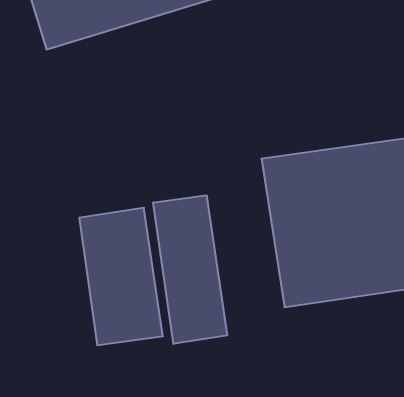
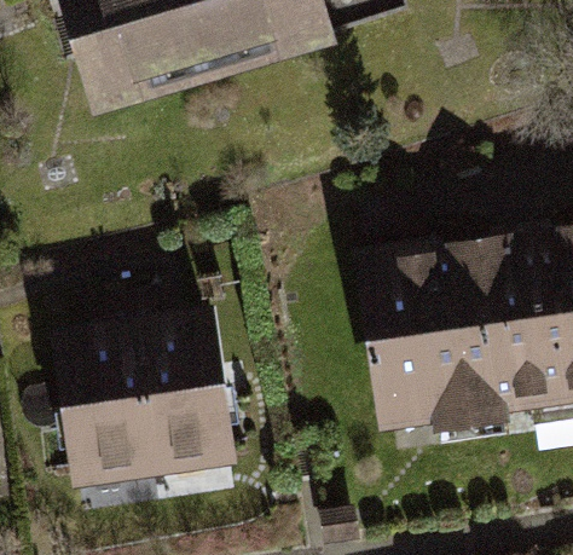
building: [153,195,227,344] -> none
building: none -> [52,320,158,487]

